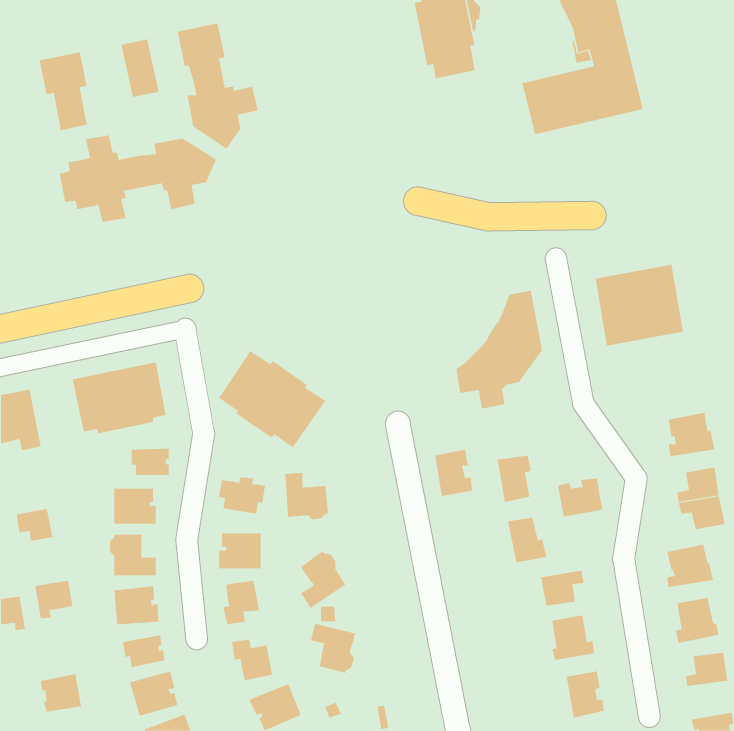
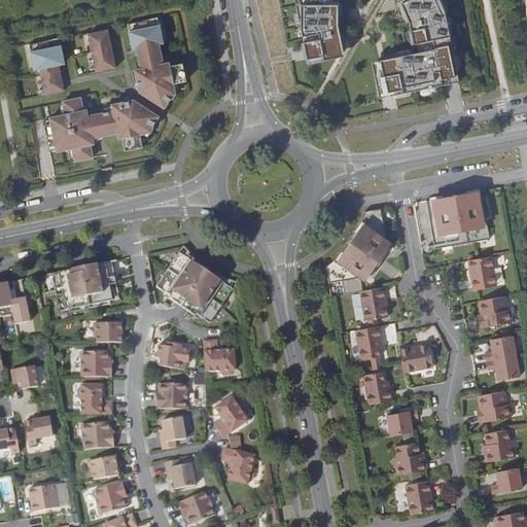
building: none -> [468,255,496,289]
building: [434,449,473,496] -> [360,286,388,320]

